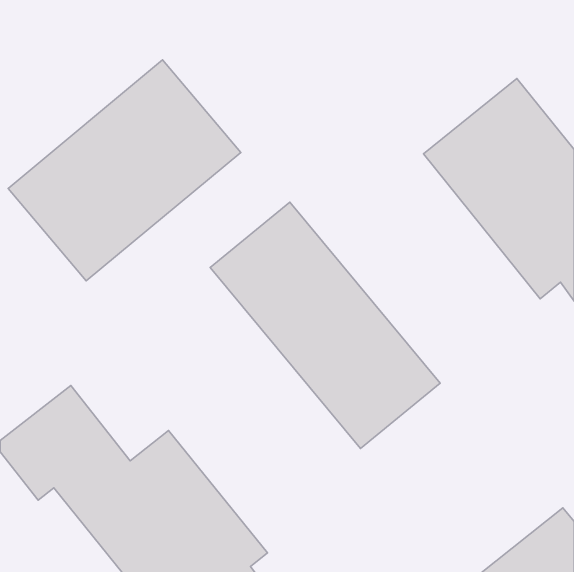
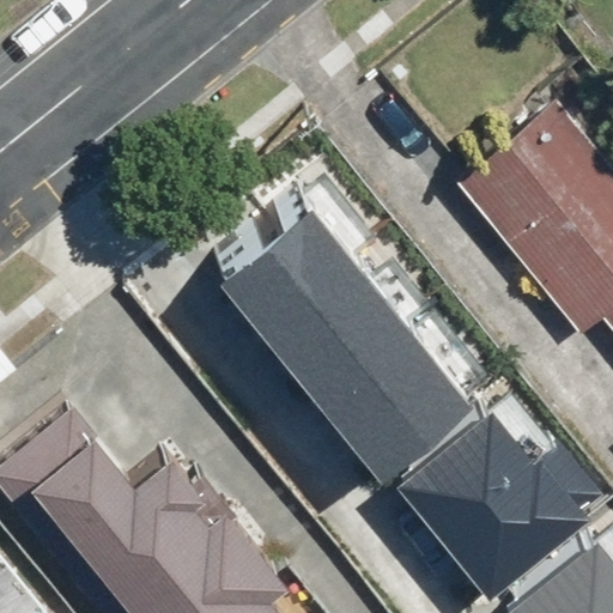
building: [8,60,241,281] -> none
building: none -> [397,415,599,599]

